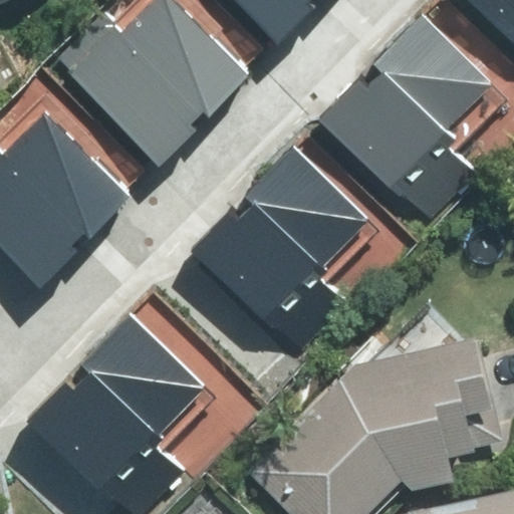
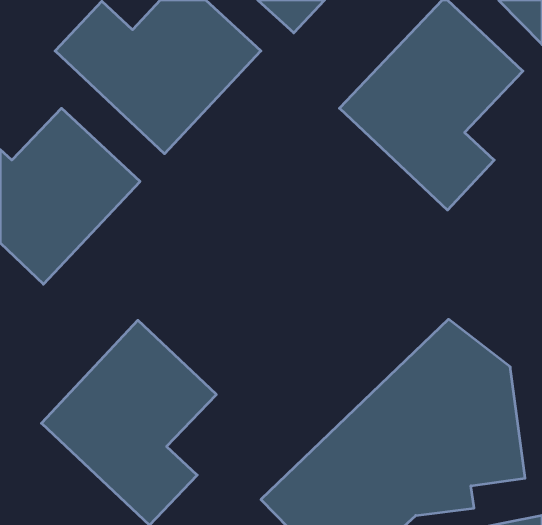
building: [200,145,366,338] -> none

